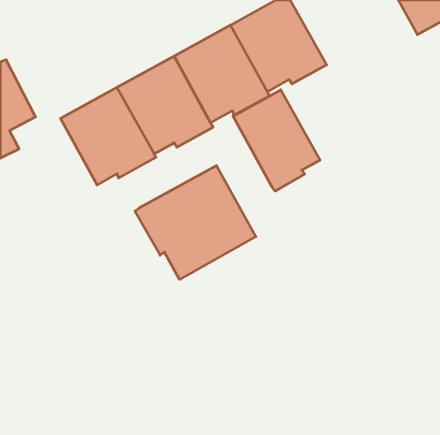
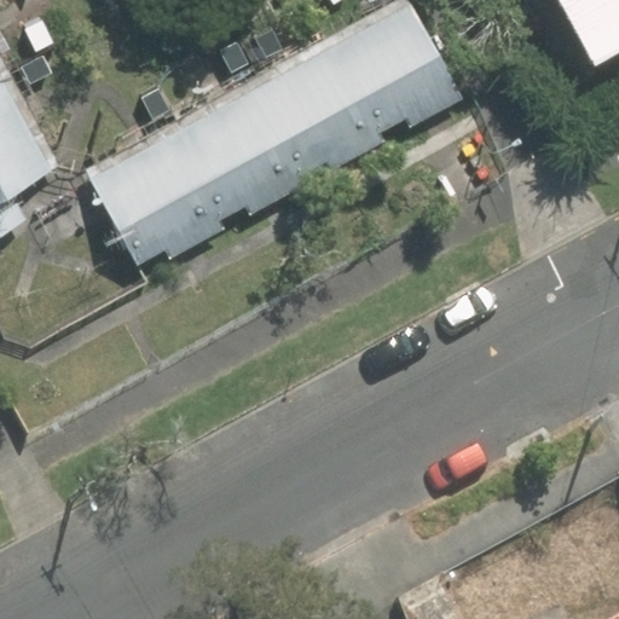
building: [233,90,320,191] -> none
building: [135,166,256,279] -> none

